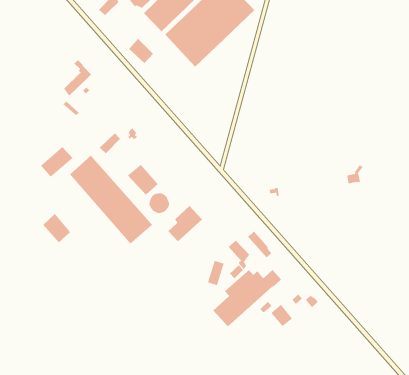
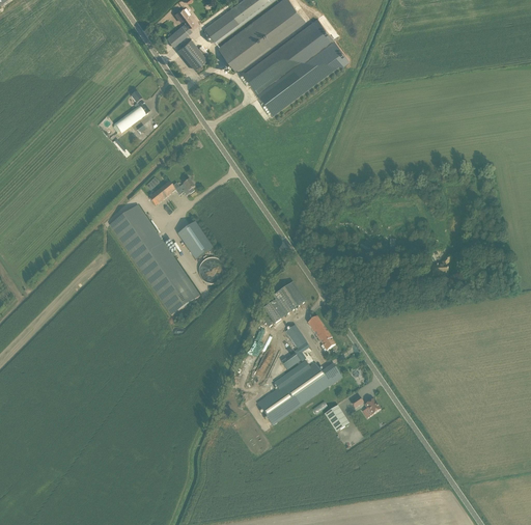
building: [128,38,154,64] -> [177,36,206,67]
building: [40,146,74,178] -> none
building: [168,205,203,242] -> [262,281,305,323]
building: [42,213,71,243] -> none

